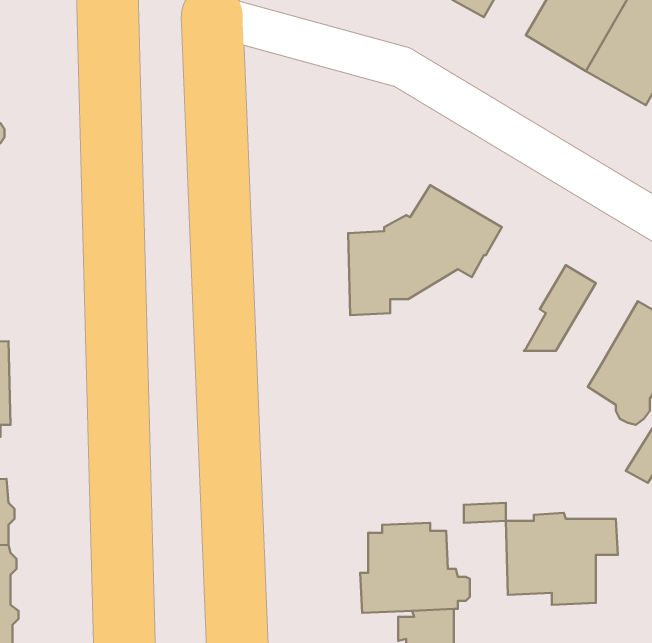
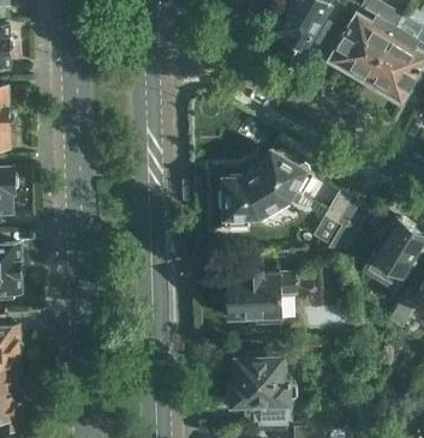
building: none -> [312,190,353,247]
building: [506,513,618,605] -> [226,269,293,324]

